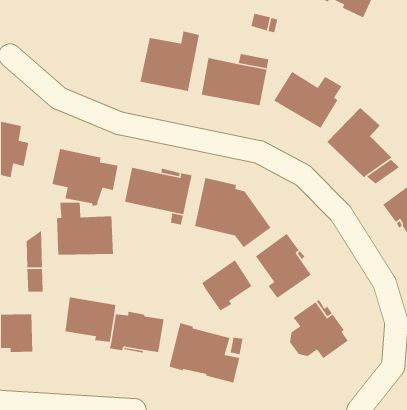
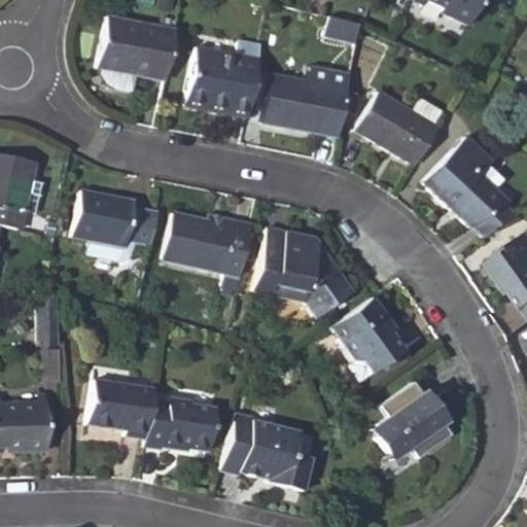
building: none -> [98,15,176,79]
building: [56,202,114,256] -> none
building: [201,259,253,312] -> none

